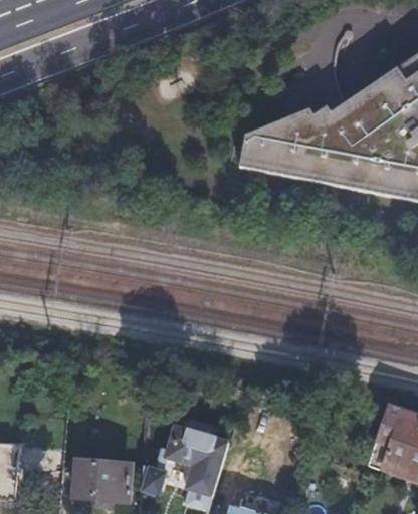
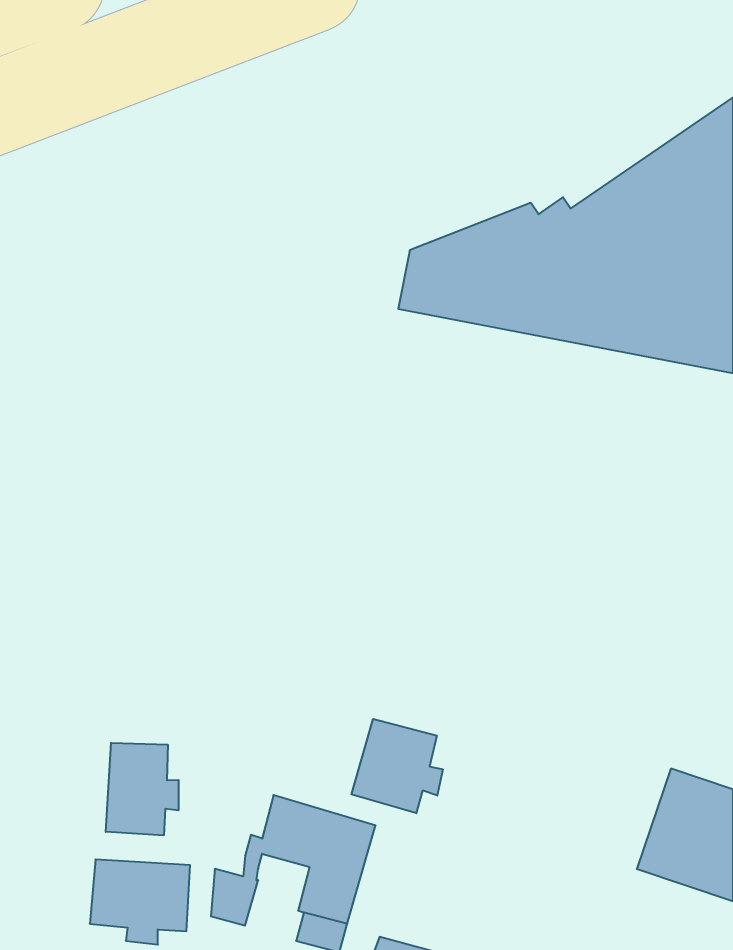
building: none -> [351,719,443,813]
building: none -> [106,743,179,835]

